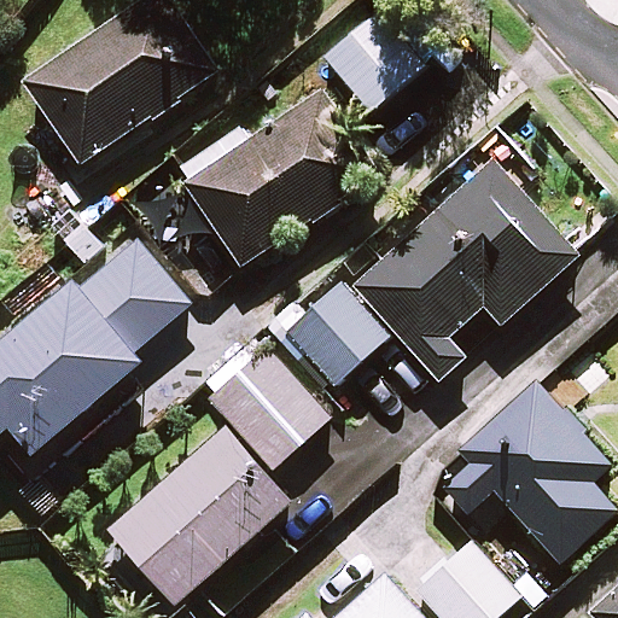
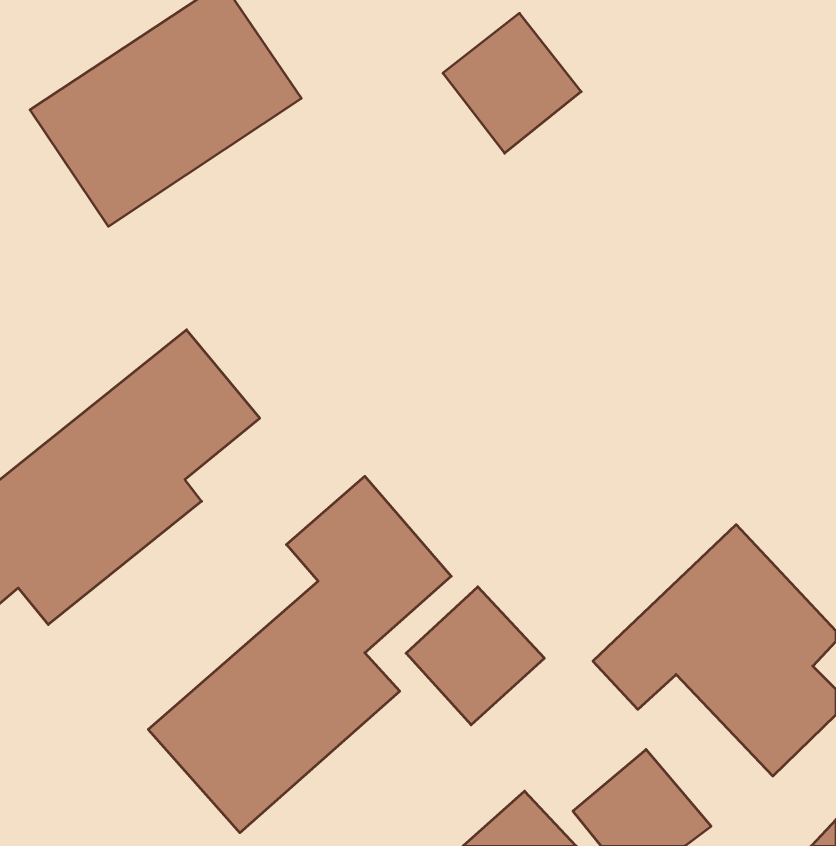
building: [185,93,374,268] -> none
building: [351,159,578,381] -> none
building: [286,284,386,384] -> [406,587,544,725]

